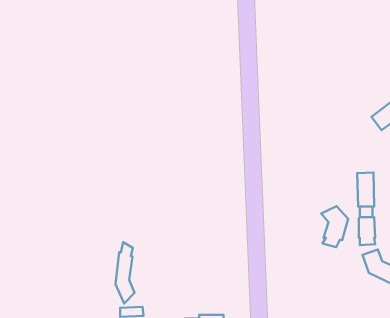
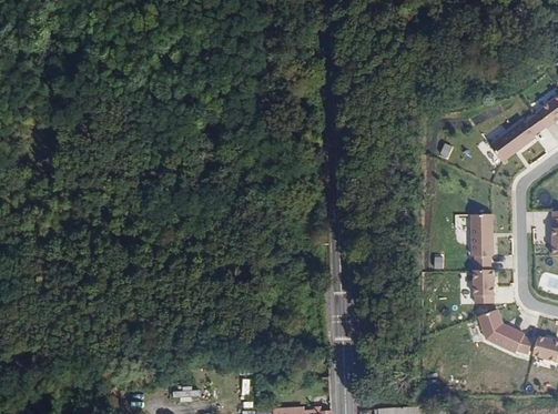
building: [321,206,348,247] -> none
building: [116,242,135,303] -> none

